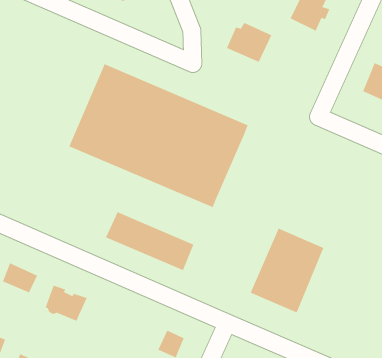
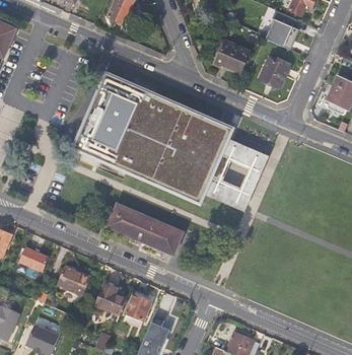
building: none -> [259,57,291,87]
building: [250,228,324,313] -> [202,137,266,210]
building: none -> [94,283,126,316]
building: none -> [125,295,151,322]

